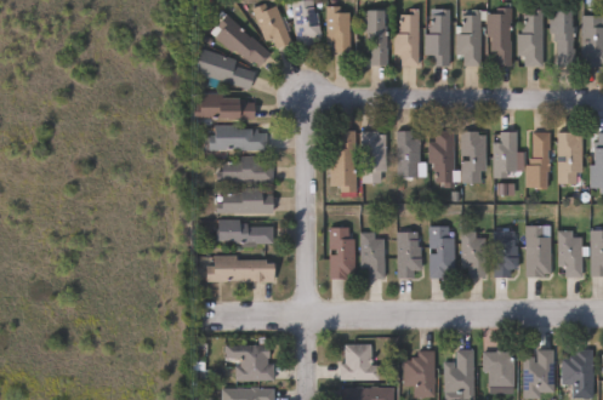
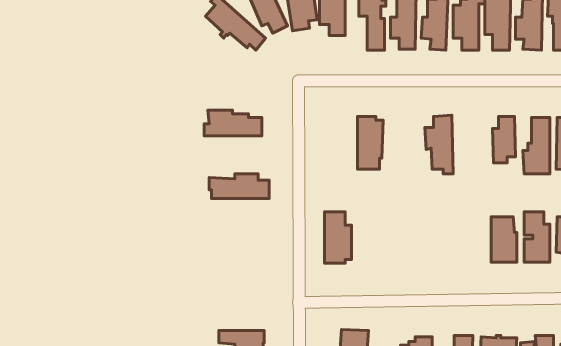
building: [194,48,256,91] -> none
building: [193,95,256,122] -> none
building: [331,131,357,193] -> none
building: [397,132,428,178] -> none
building: [461,132,487,184] -> none
building: [216,156,274,183] -> none
building: [216,219,274,246] -> none
building: [430,227,456,278] -> none
building: [462,232,491,275] -> none
building: [360,233,386,278] -> none
building: [397,233,423,278] -> none
building: [206,255,277,281] -> none

